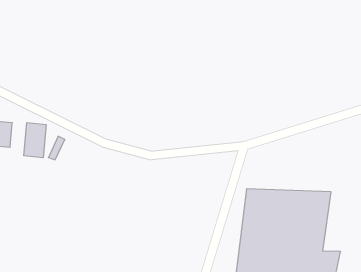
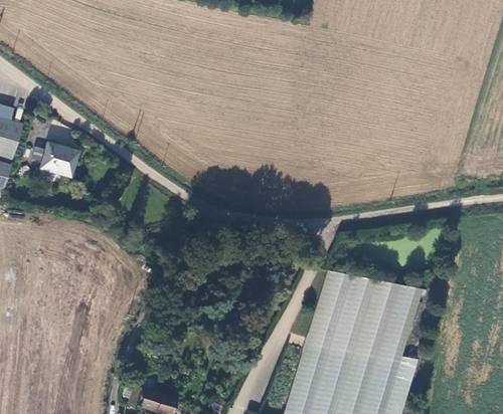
building: [24,123,46,158] -> none

